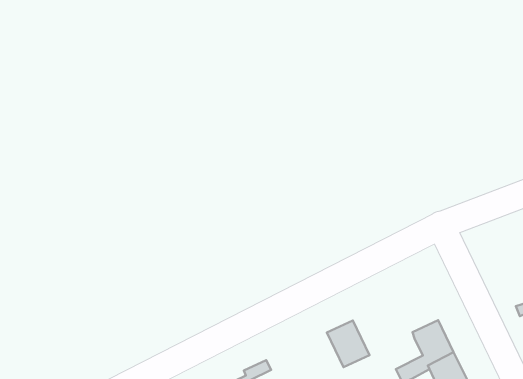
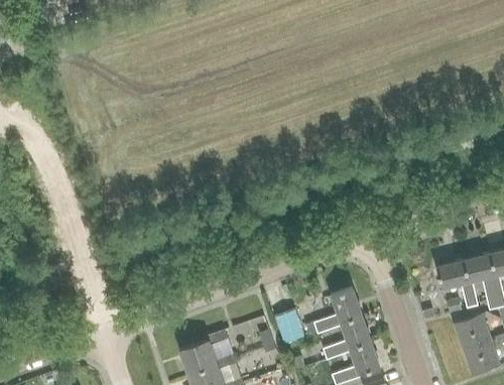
building: none -> [306,288,361,335]

